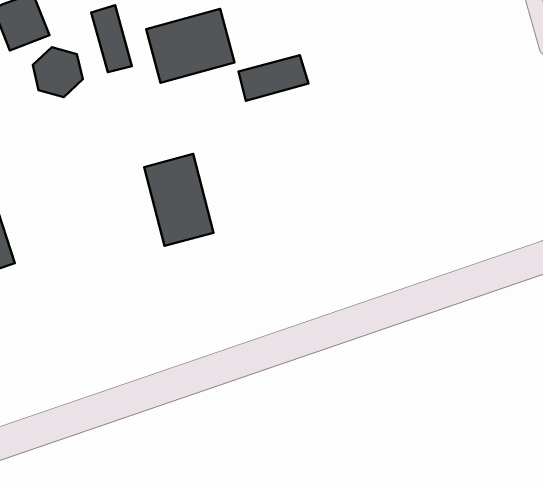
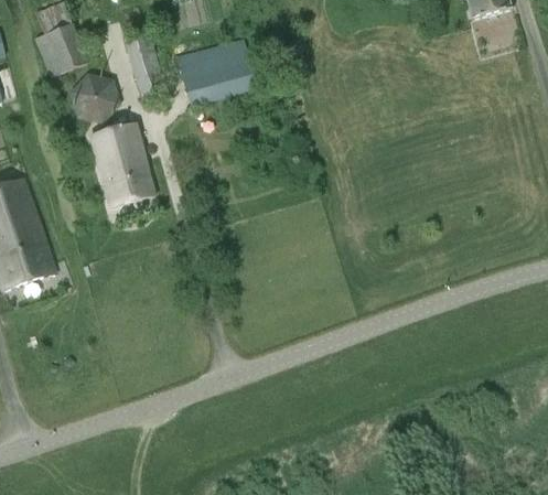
building: [238,55,308,101] -> none
building: [144,154,213,246] -> [90,122,154,207]

